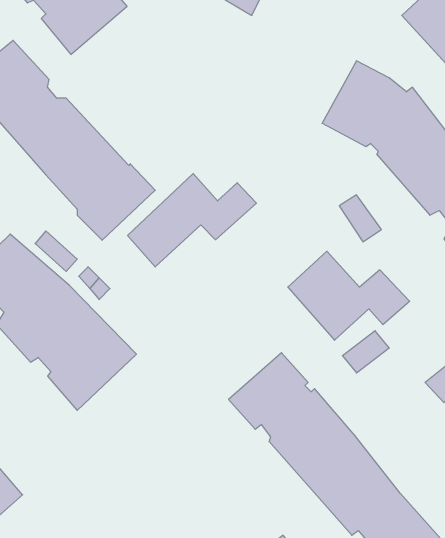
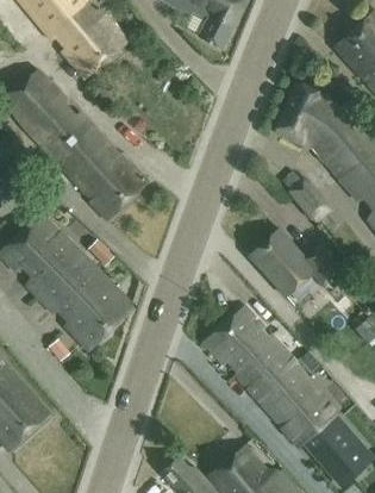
building: [128,174,256,267] -> none

